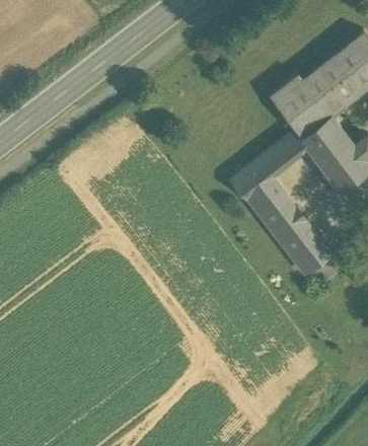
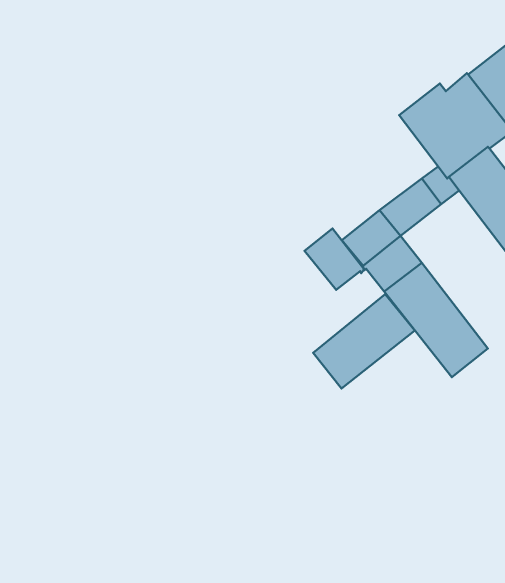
building: none -> [304,228,364,290]
building: none -> [313,294,415,389]

